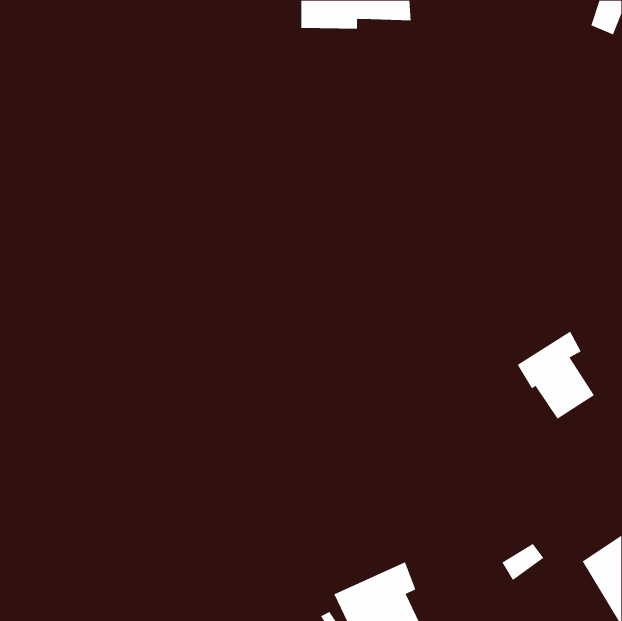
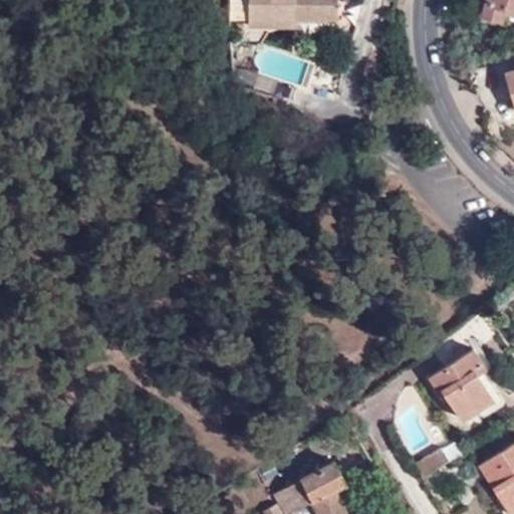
building: [517,331,595,420] -> [430,347,494,421]

